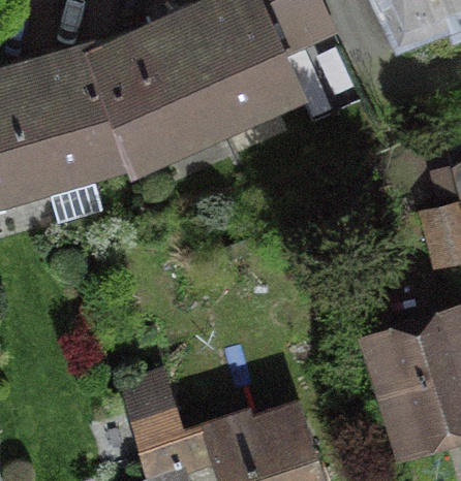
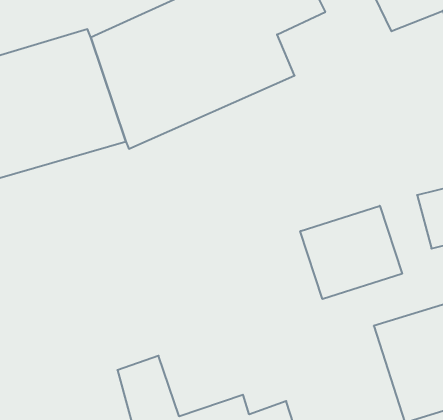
building: none -> [300,206,402,299]

